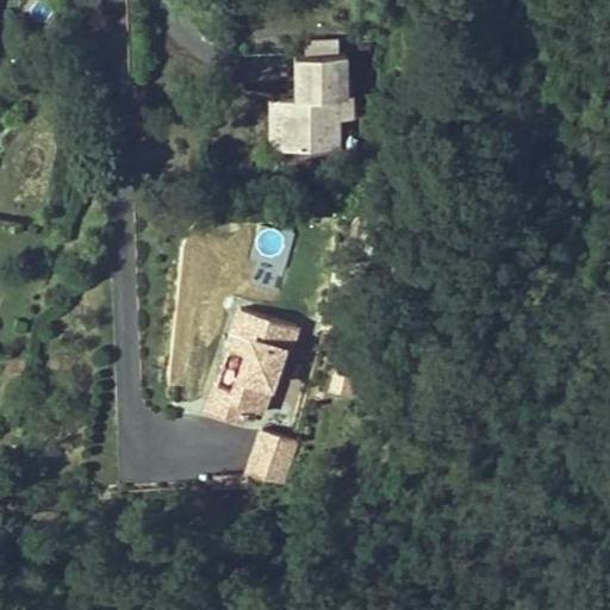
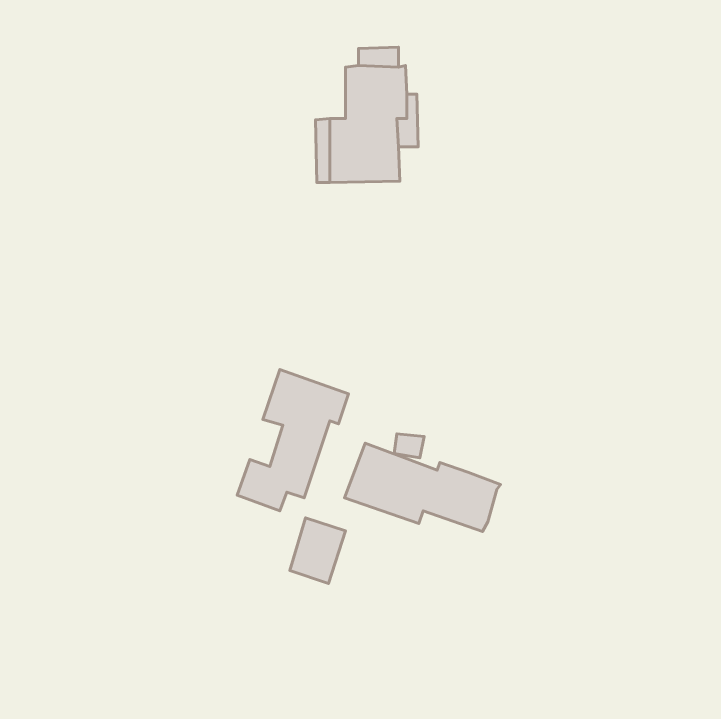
building: none -> [344,443,501,531]

